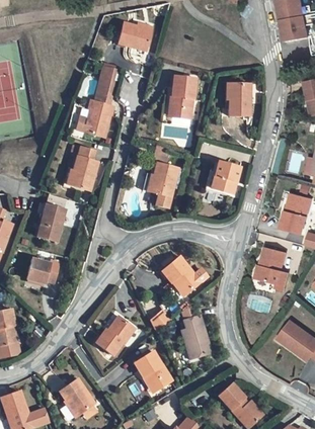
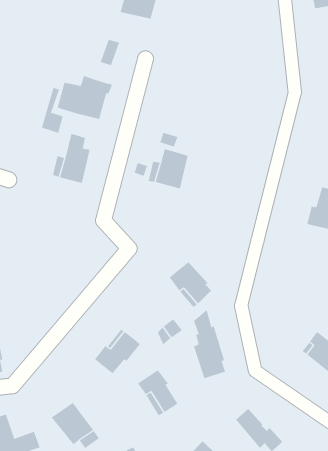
building: [92,64,111,104] -> [41,87,63,134]
building: [171,74,198,116] -> none
building: [230,82,253,116] -> none
building: [212,161,240,193] -> none
building: [36,209,65,245] -> none
building: [258,249,290,290] -> none
building: [28,261,62,286] -> none

